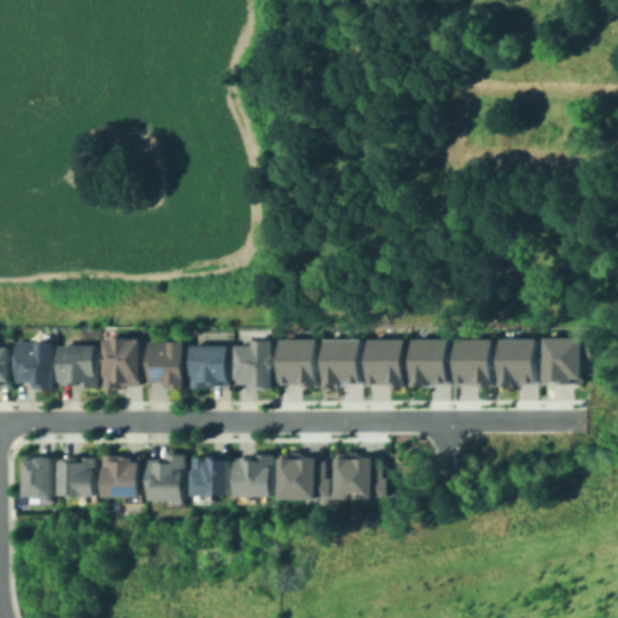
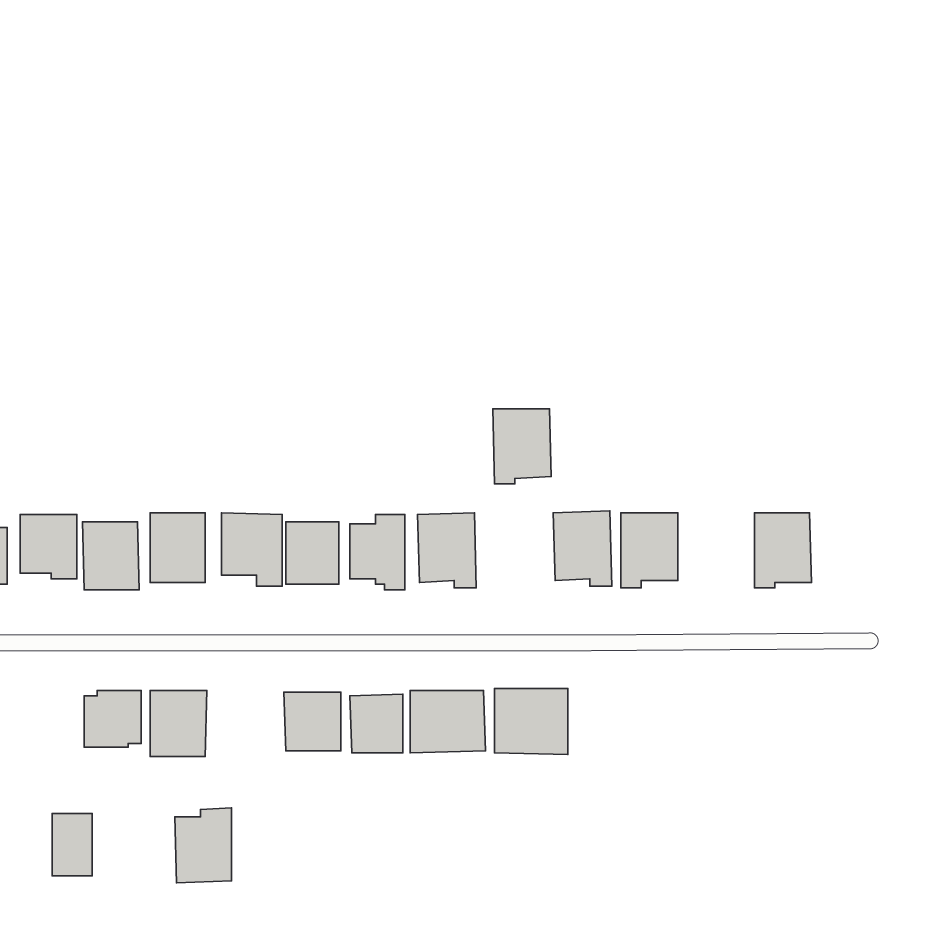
building: [540,337,577,386] -> none
building: [453,339,492,389] -> none
building: [320,340,358,390] -> [493,409,551,484]
building: [144,453,181,502] -> [175,808,231,883]
building: [19,457,46,499] -> [52,814,92,876]

